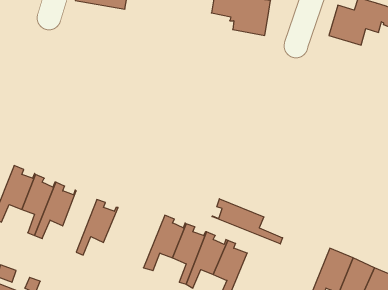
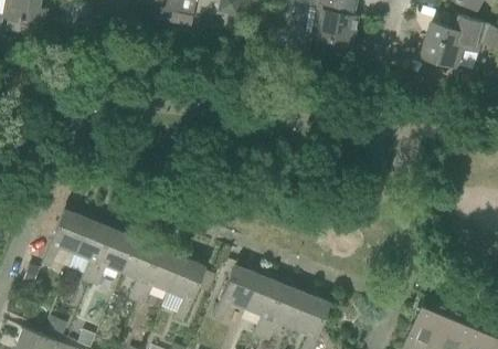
building: none -> [120,233,159,303]
building: [212,199,283,244] -> none
building: none -> [167,252,205,321]

